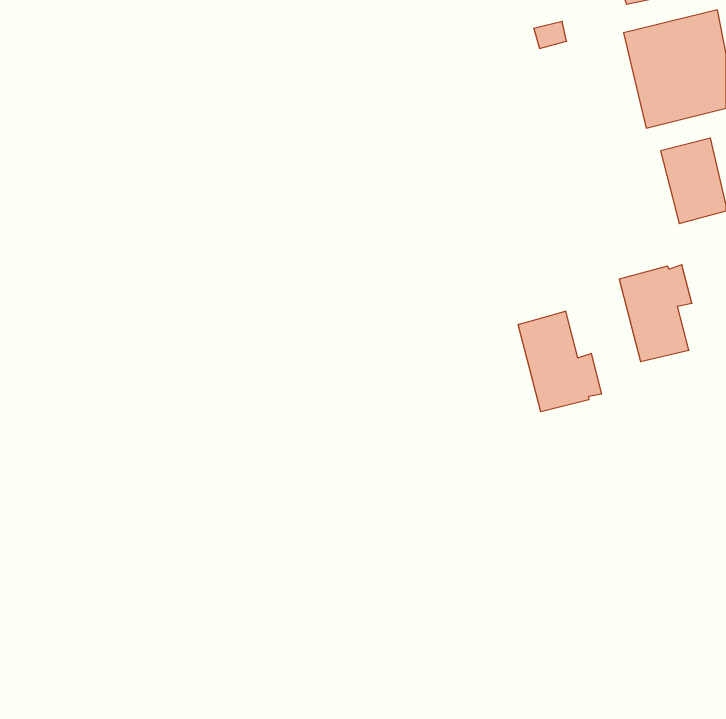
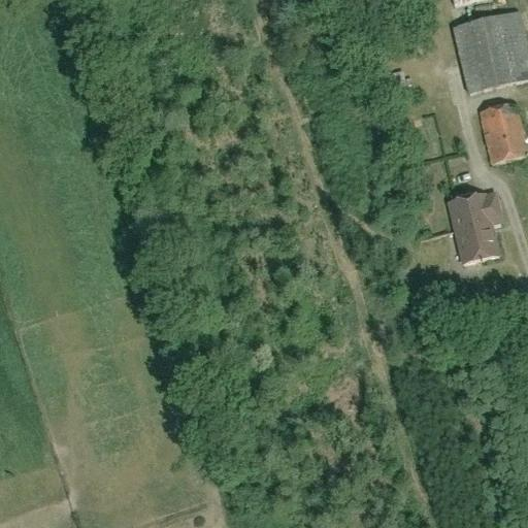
building: [518,311,602,412] -> none

